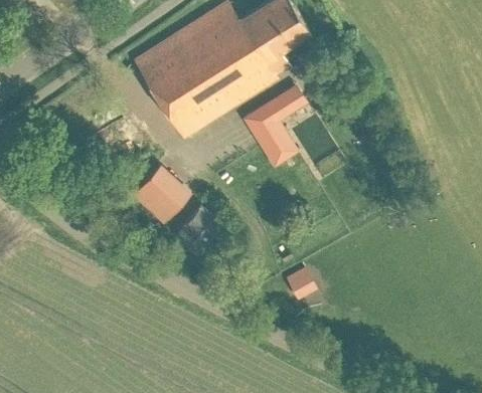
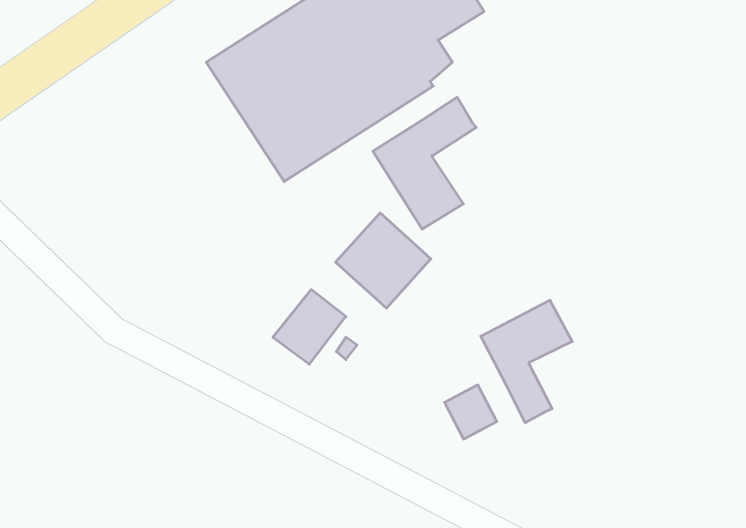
building: [133,165,193,225] -> [336,213,431,308]
building: none -> [481,300,572,423]

